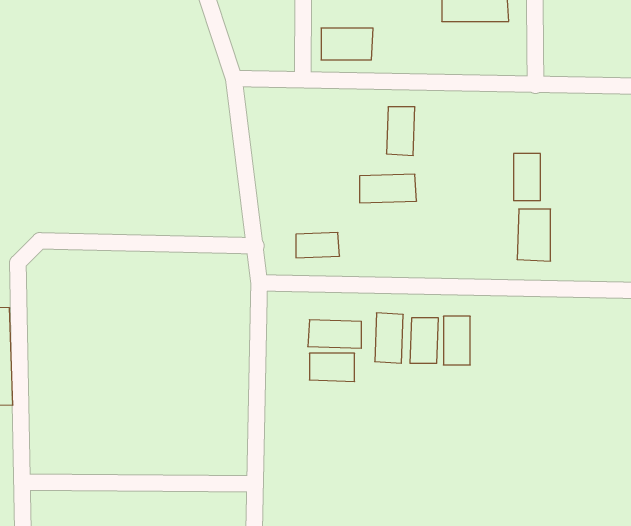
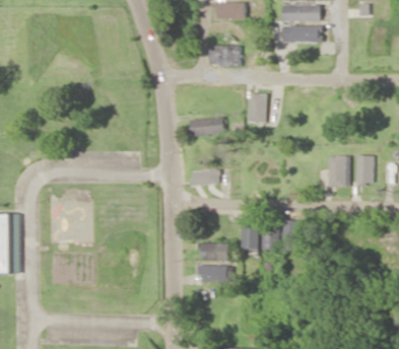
building: [514,154,540,201] -> [354,155,371,184]
building: [360,174,417,203] -> [189,118,223,135]
building: [308,320,361,348] -> [198,265,230,282]

